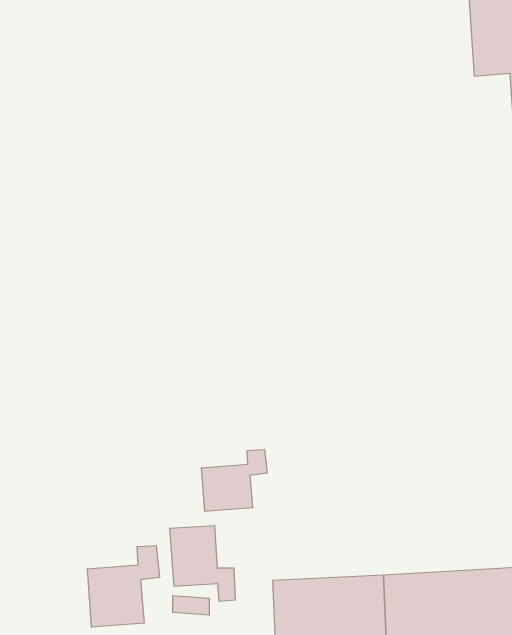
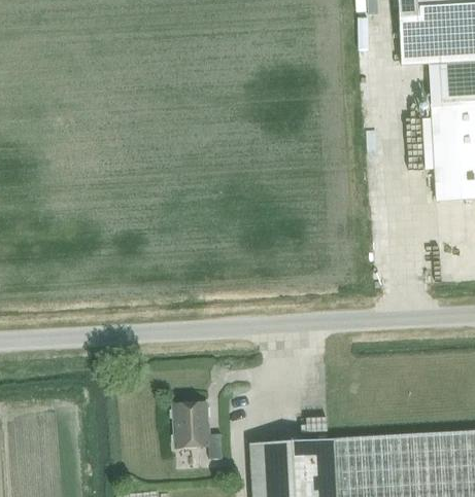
building: [202,449,267,511] -> none
building: [87,545,160,627] -> none

